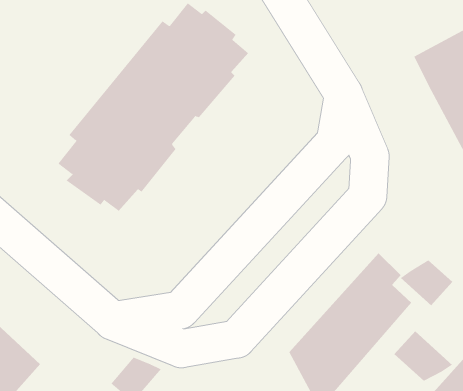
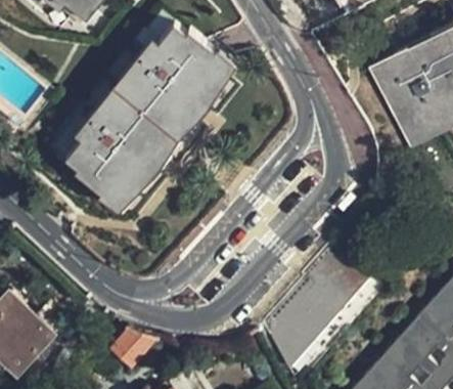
building: [399,259,453,306] -> none
building: [393,331,454,381] -> none

